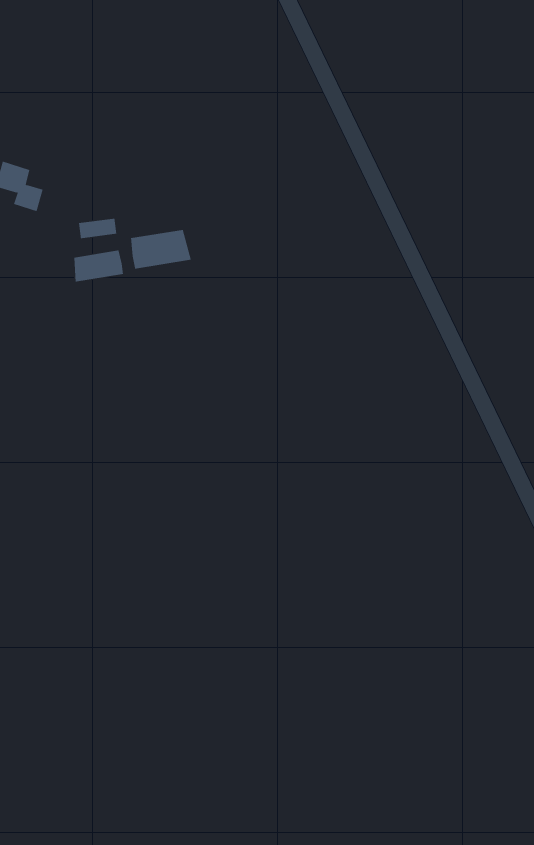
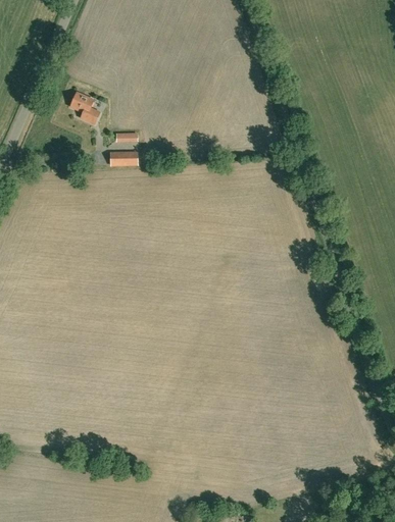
building: [130,229,192,270] -> none

